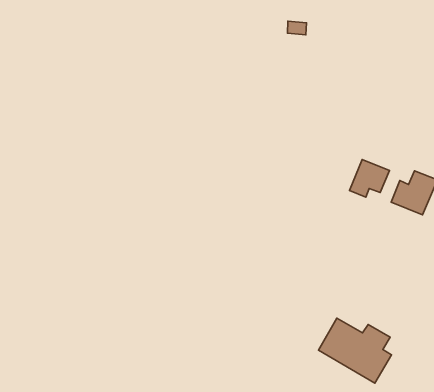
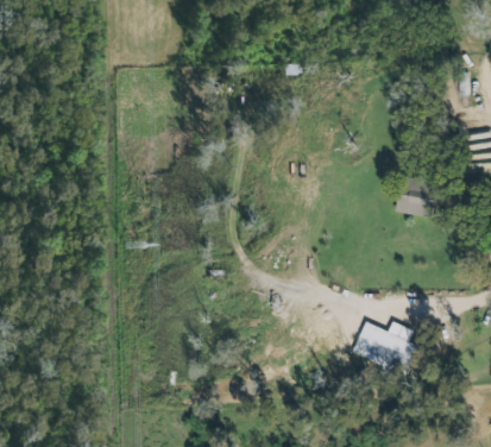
building: [349,160,390,197] -> none

